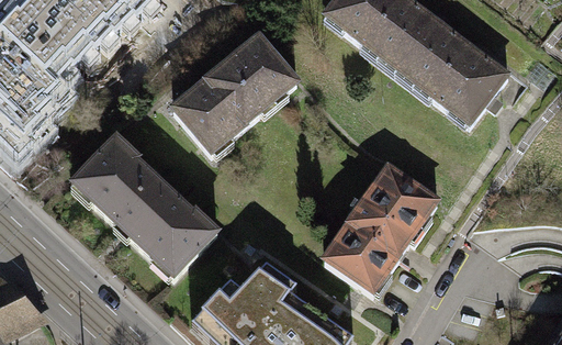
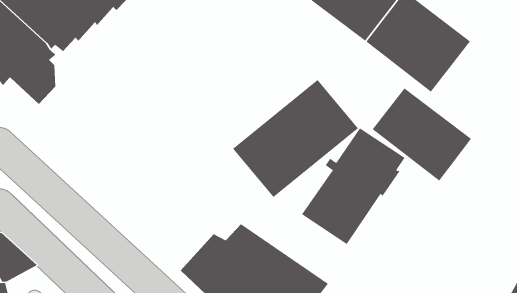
building: [167,32,303,159] -> [232,79,359,198]
building: none -> [372,87,472,182]
building: [69,135,218,280] -> none

